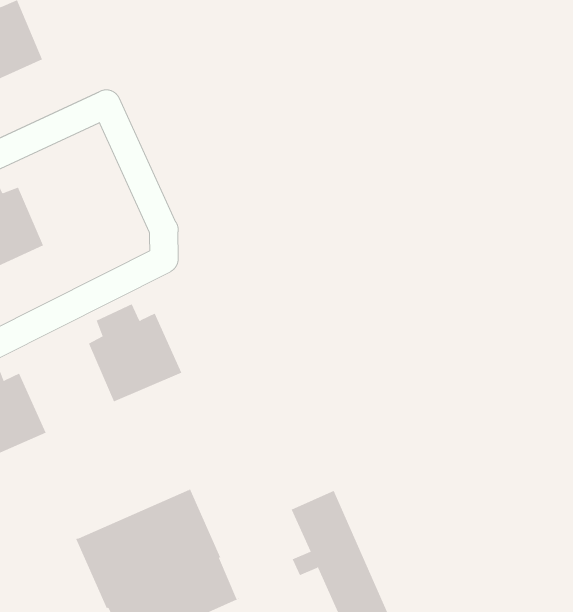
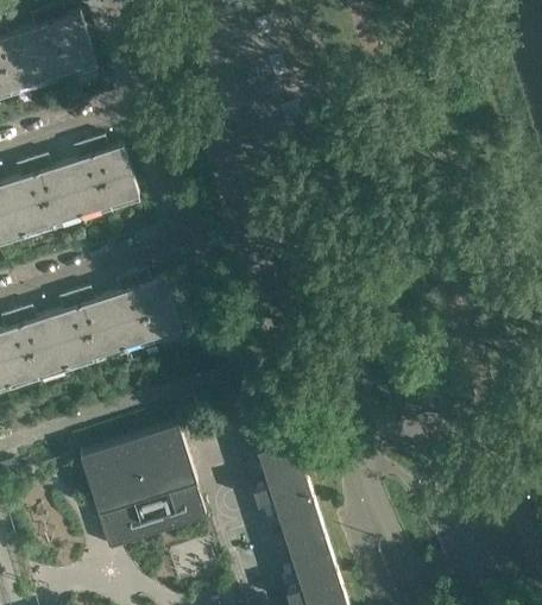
building: none -> [64,140,138,218]
building: none -> [49,291,122,370]

